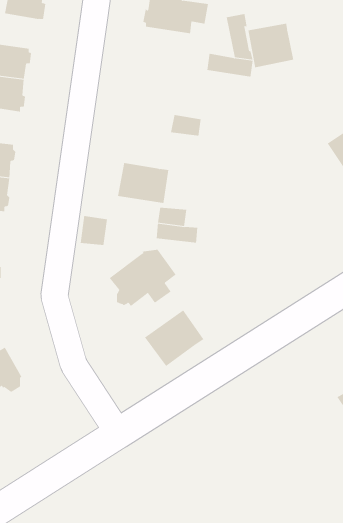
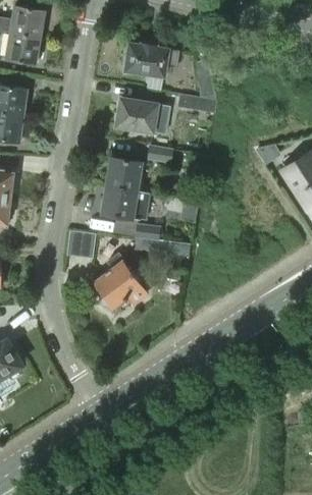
building: [248,23,294,68] -> none
building: none -> [115,98,164,133]
building: none -> [106,157,141,190]
building: [144,309,204,367] -> none

